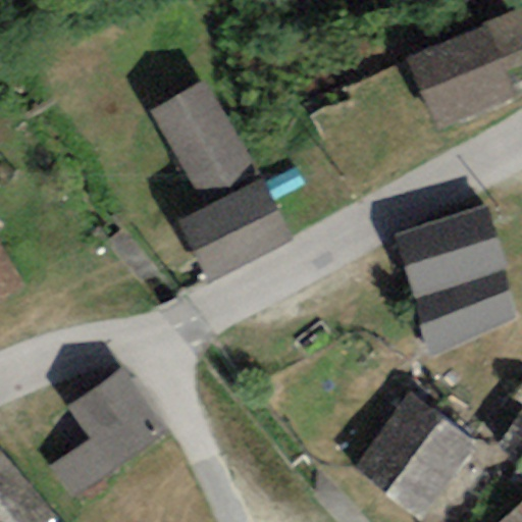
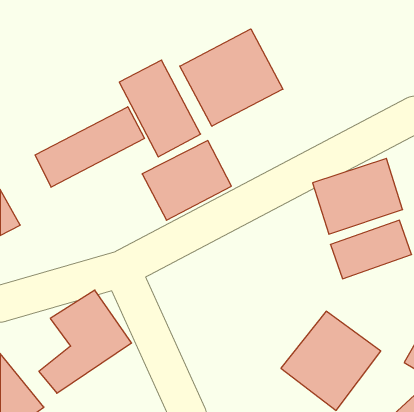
building: [408,20,515,125] -> none
building: none -> [180,29,283,126]
building: none -> [35,107,144,187]

